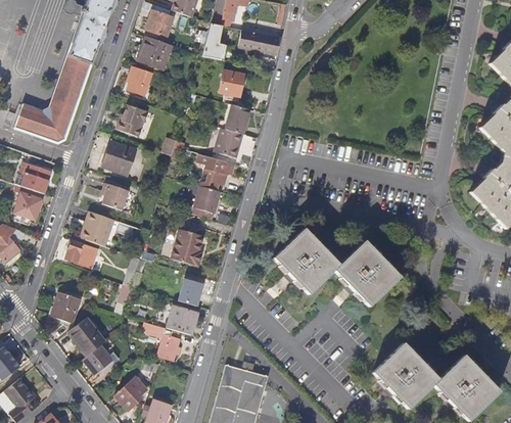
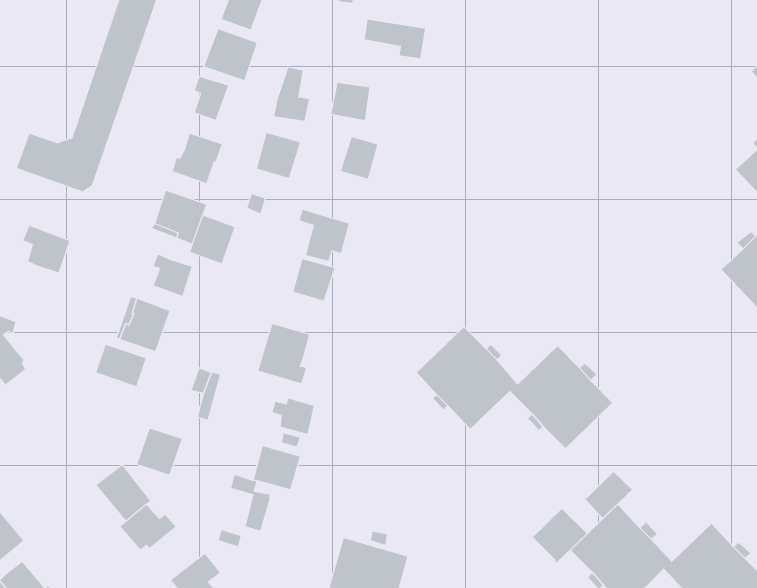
building: [202,25,226,59] -> [273,67,310,121]
building: [214,127,242,156] -> [256,133,301,179]
building: none -> [190,215,235,264]
building: [13,189,43,220] -> none
building: [51,291,81,322] -> [137,428,183,475]
building: none -> [585,471,633,519]
building: none -> [532,508,587,564]

